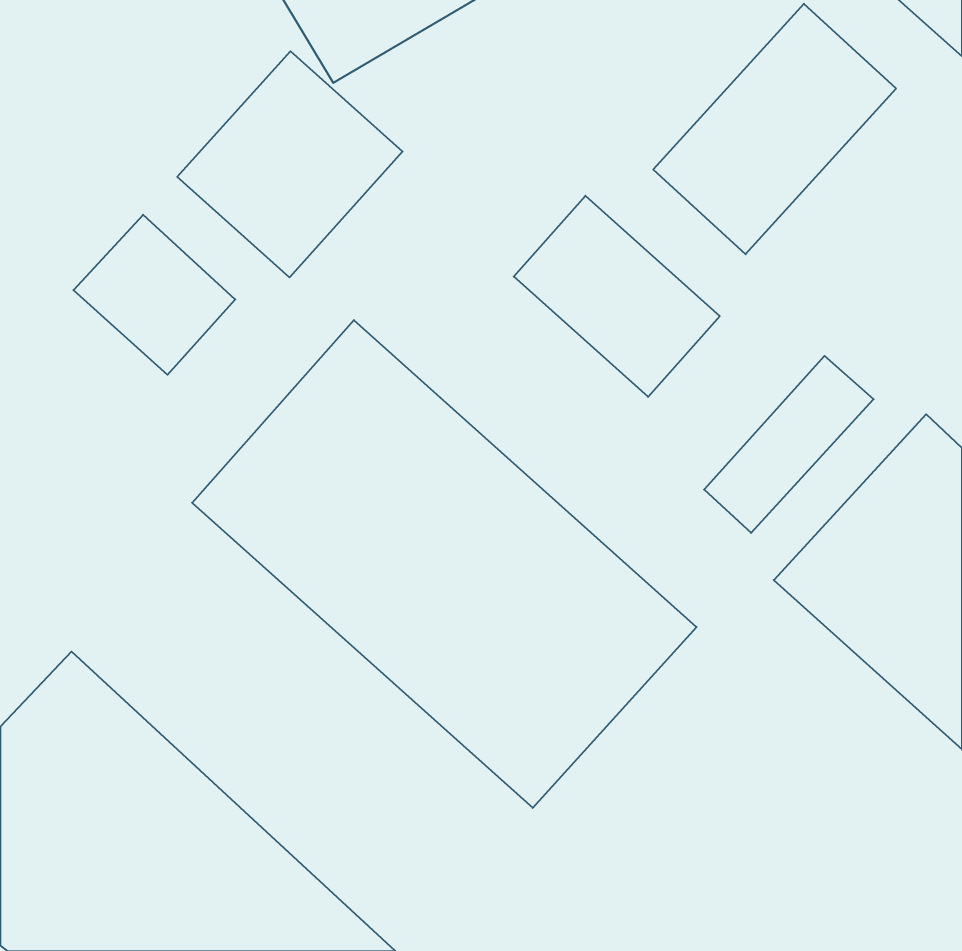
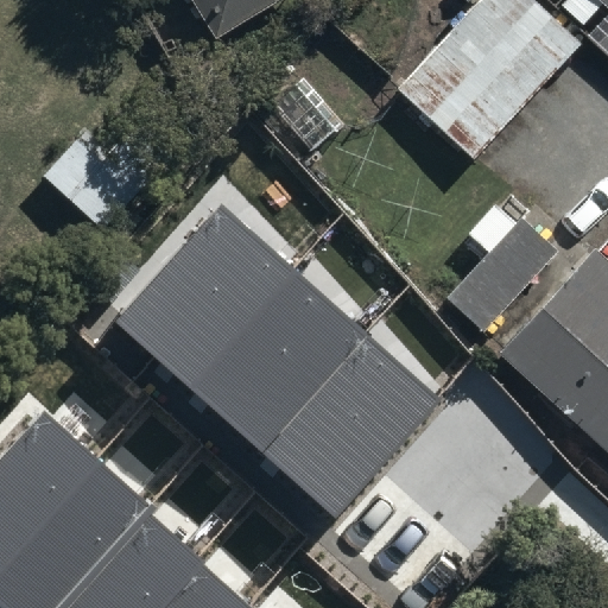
building: [177,51,403,277] -> none
building: [514,196,720,397] -> none

